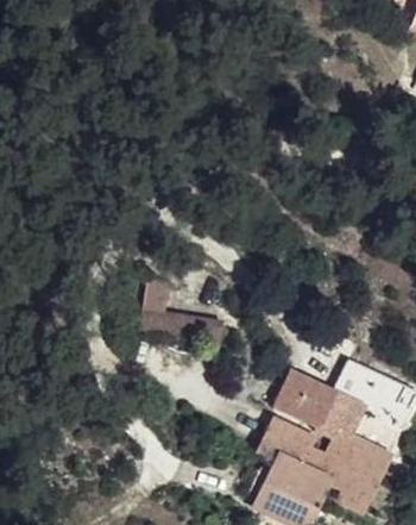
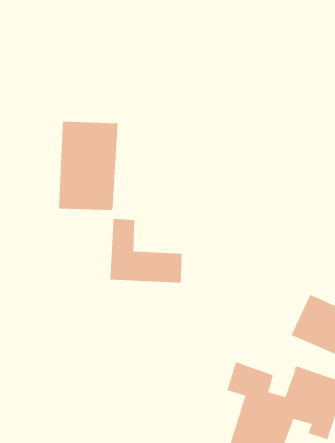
building: none -> [58,121,118,211]
building: [270,371,338,432] -> none

